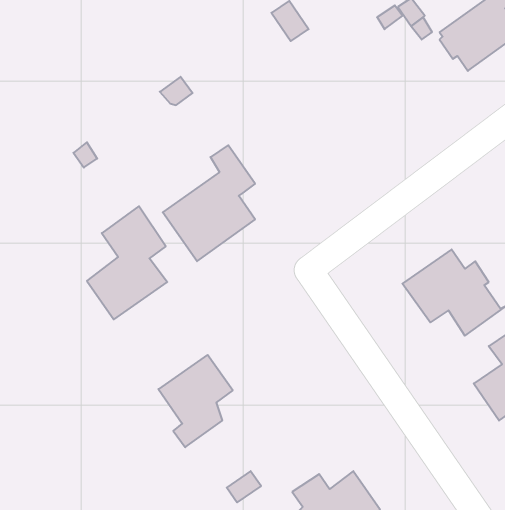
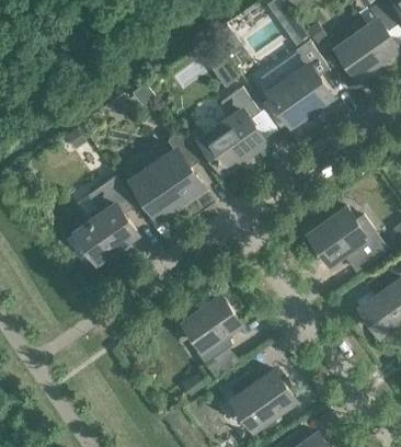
building: none -> [262,43,330,125]
building: none -> [200,89,264,172]
building: [158,355,233,447] -> [184,298,239,366]

